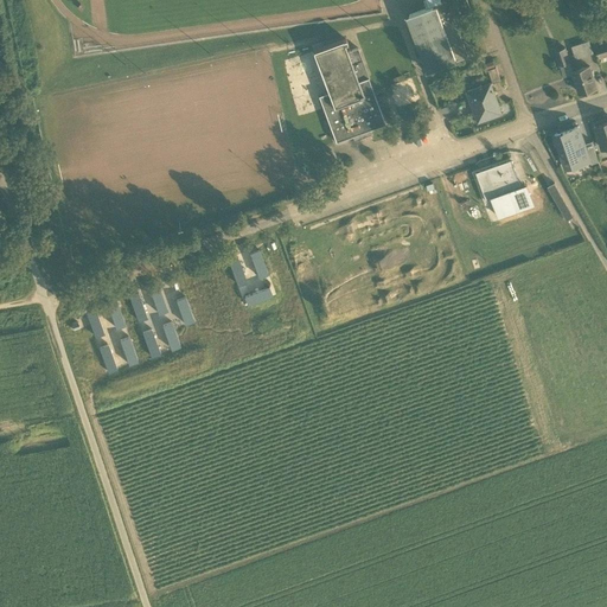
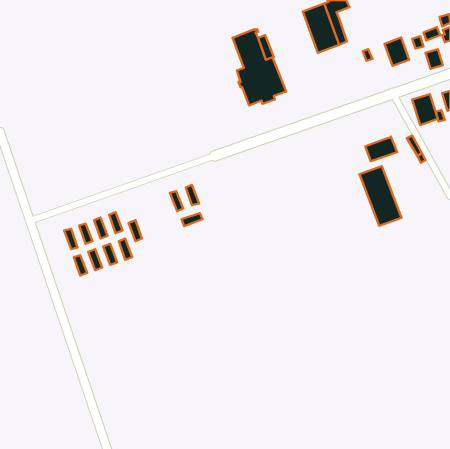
building: [468,84,501,122] -> [384,38,409,66]
building: [477,160,522,202] -> none
building: none -> [360,166,401,226]

